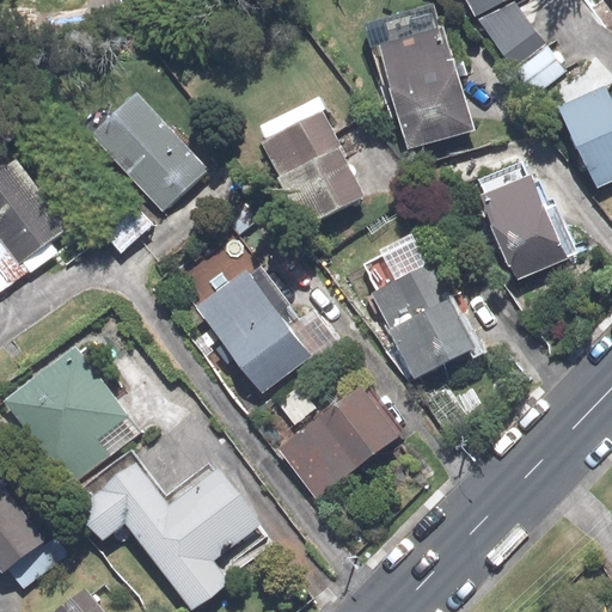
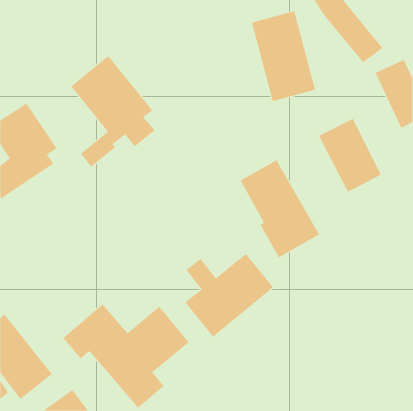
building: [253,105,360,233] -> none
building: [185,263,313,399] -> none
building: [16,339,148,476] -> none

